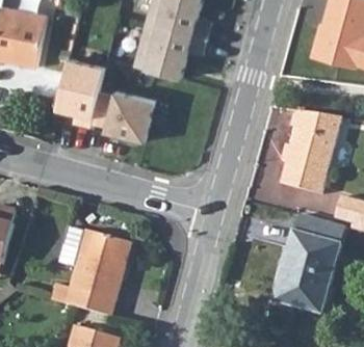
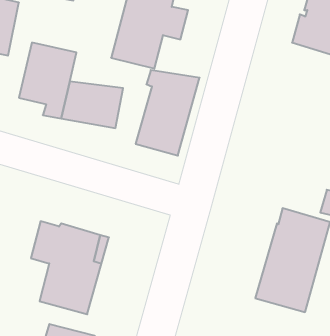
building: [279,109,340,191] -> [136,70,200,156]

